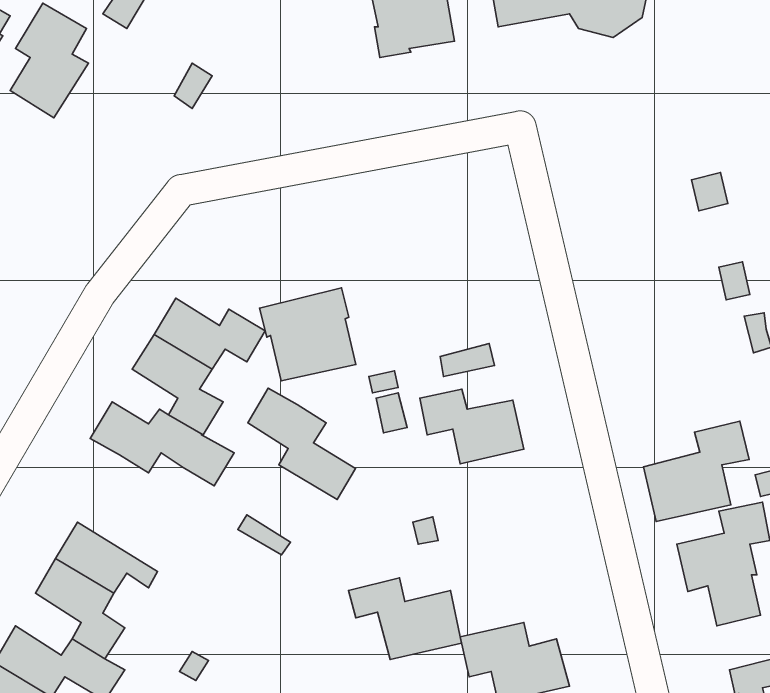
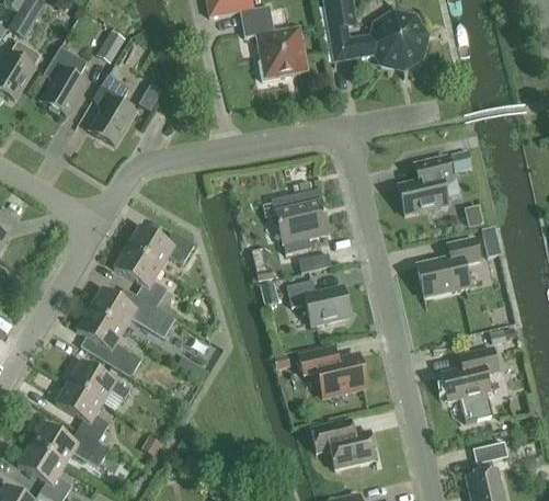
building: none -> [90,76,136,146]
building: none -> [398,156,459,215]
building: [259,288,356,381] -> [271,187,329,243]
building: [248,388,355,499] -> [77,309,141,376]
building: [643,421,749,521] -> [416,237,480,297]
building: [348,578,461,660] -> [298,346,366,396]

